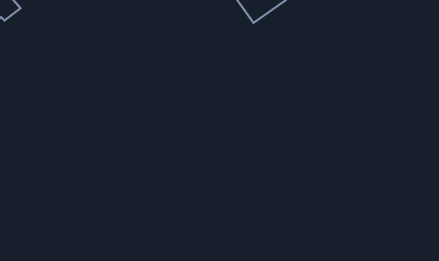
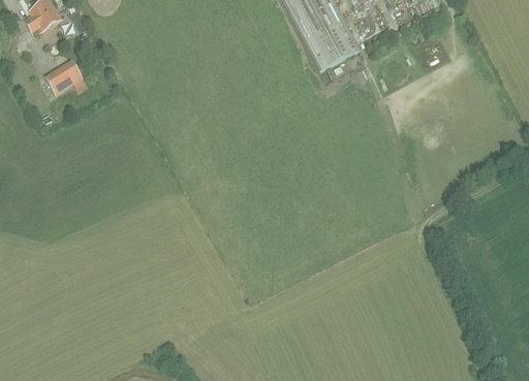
building: none -> [46,61,87,91]

